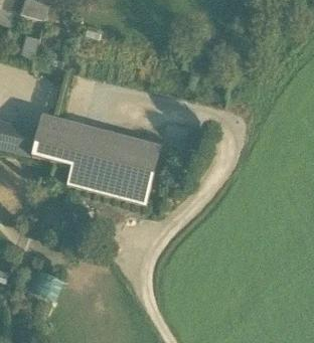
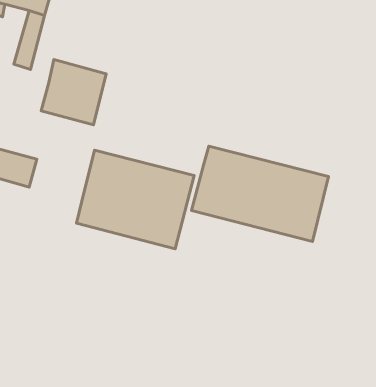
building: [30,113,82,164] -> [41,60,106,125]
building: none -> [191,146,329,241]

